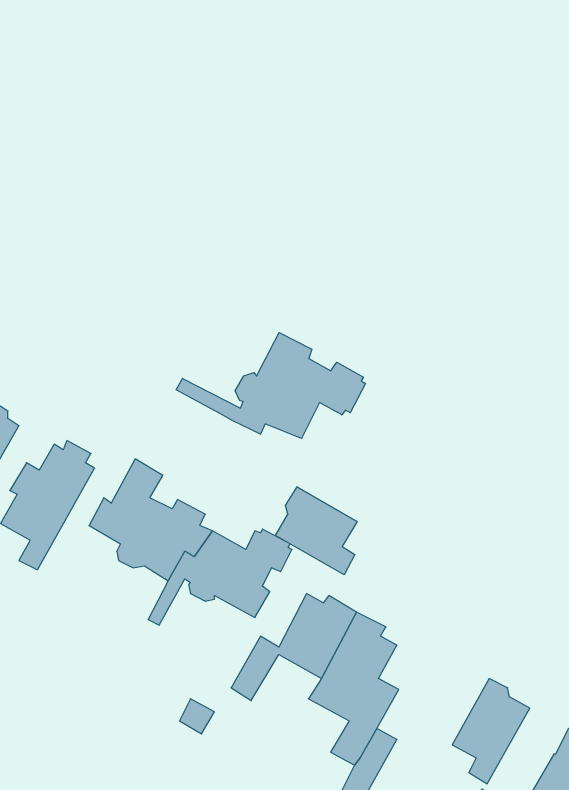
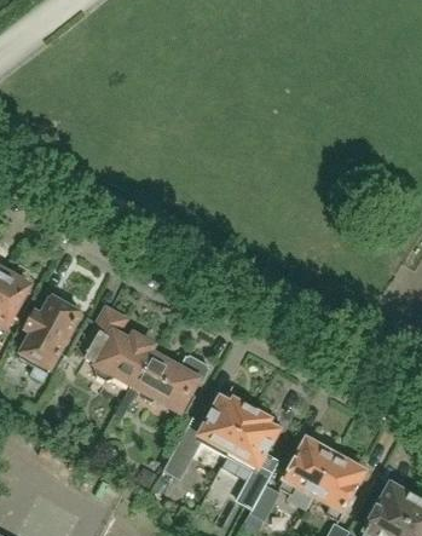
building: [176,333,366,438] -> none
building: [275,487,357,575] -> none
building: none -> [278,438,339,507]

